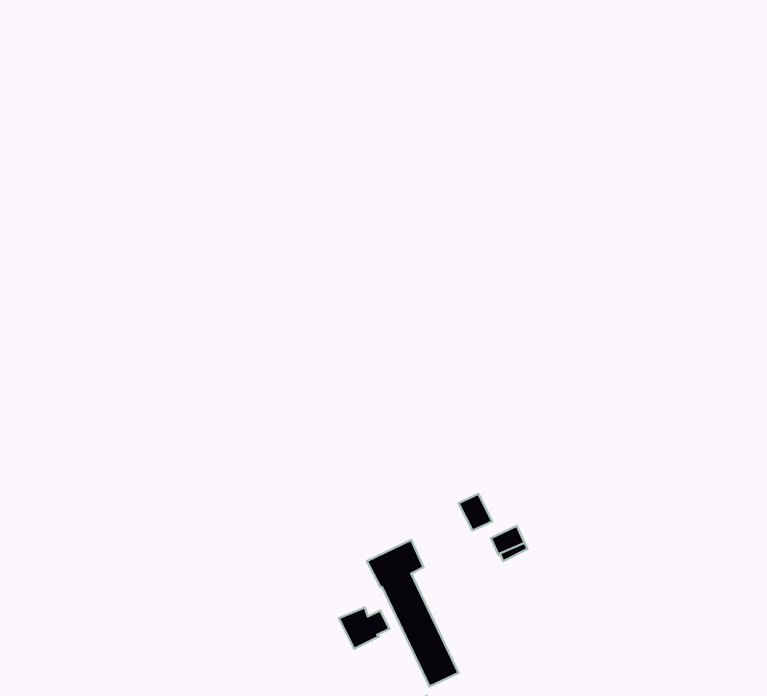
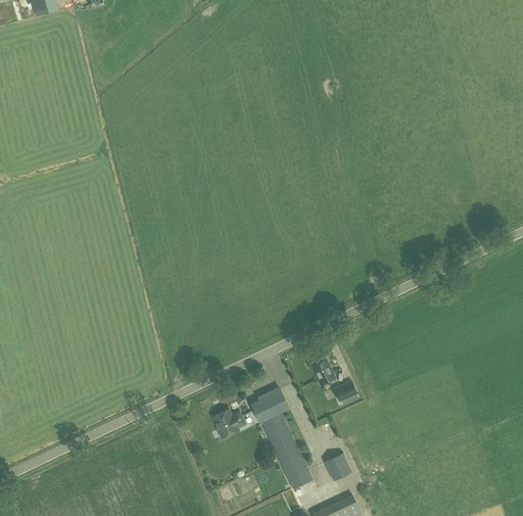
building: [339,607,389,649] -> [211,409,245,436]
building: none -> [323,452,352,480]

